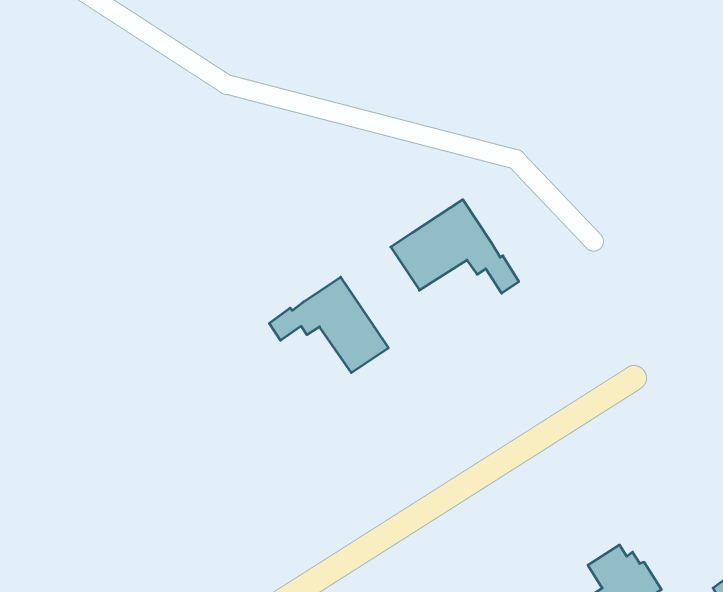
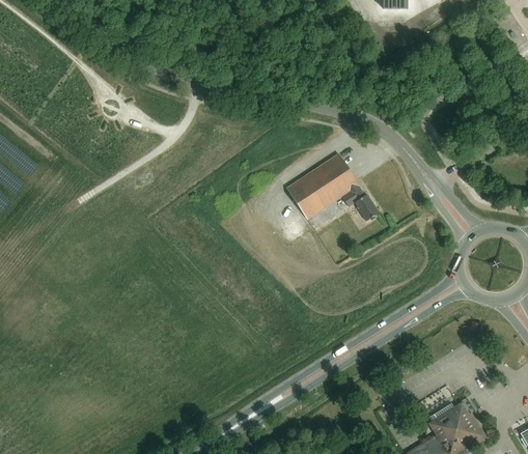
building: [269,277,388,373] -> none

